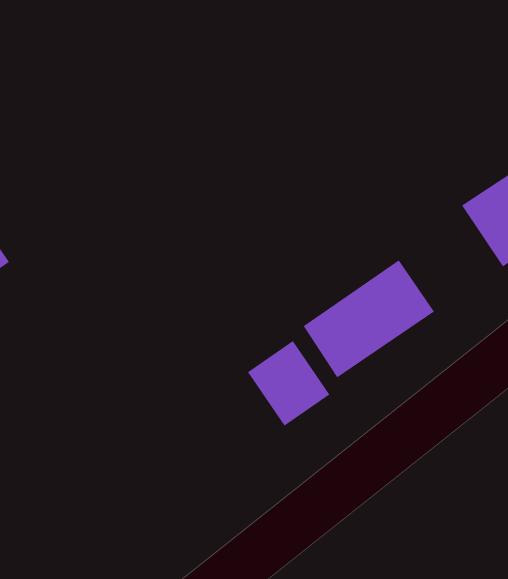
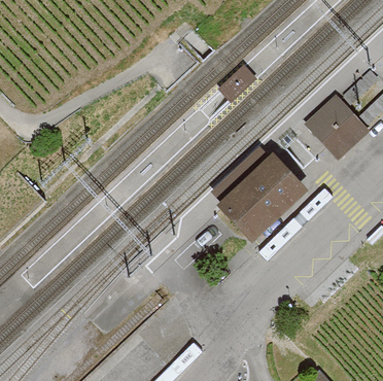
building: [247,340,330,427] -> none

